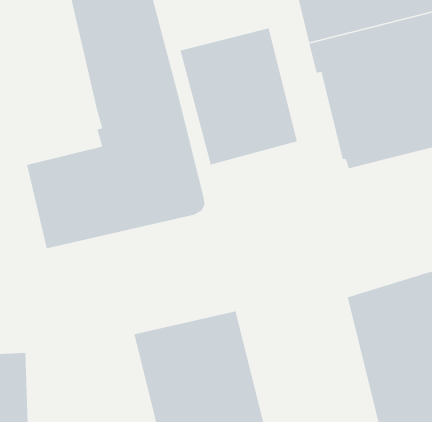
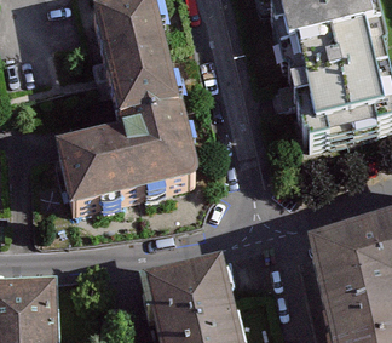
building: [180,28,298,165] -> none

